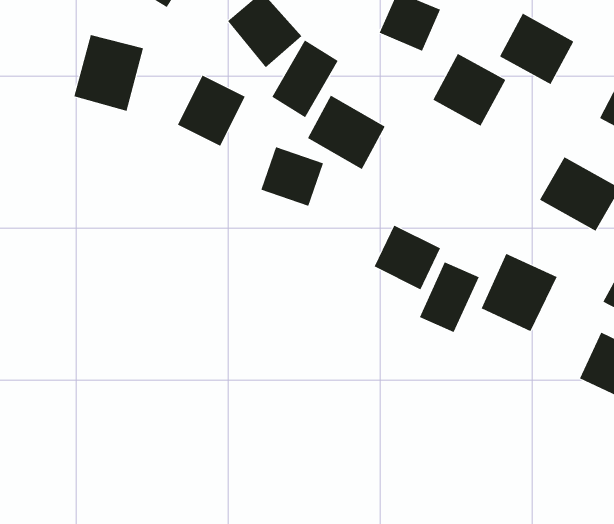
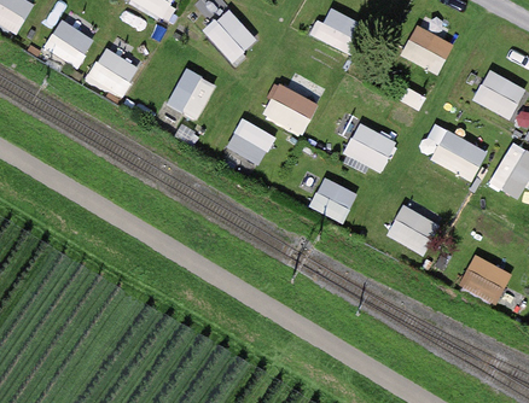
building: none -> [43,19,94,66]
building: [272,39,338,118] -> none
building: [433,53,506,126] -> [343,121,396,174]
building: [419,262,479,333] -> none

